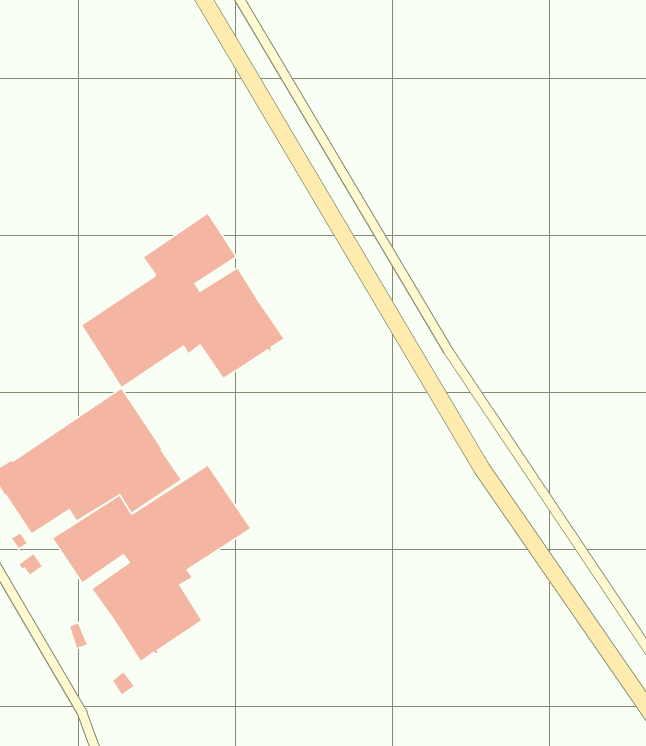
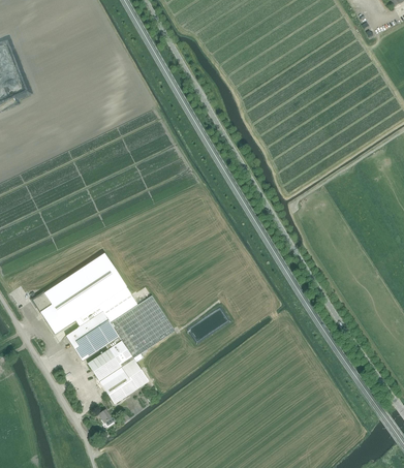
building: [81,213,285,388] -> none

